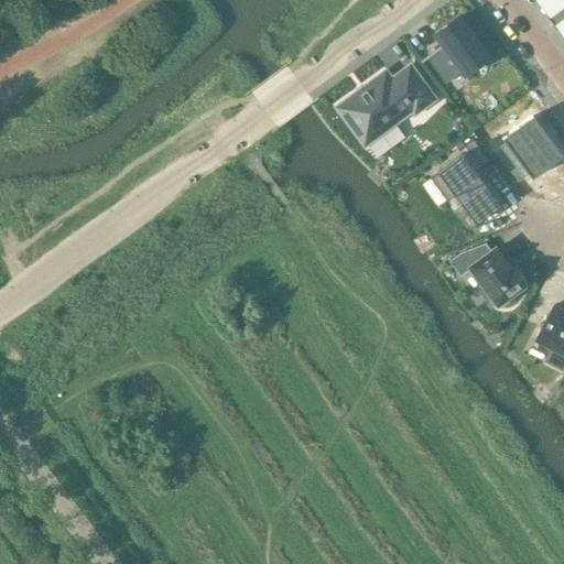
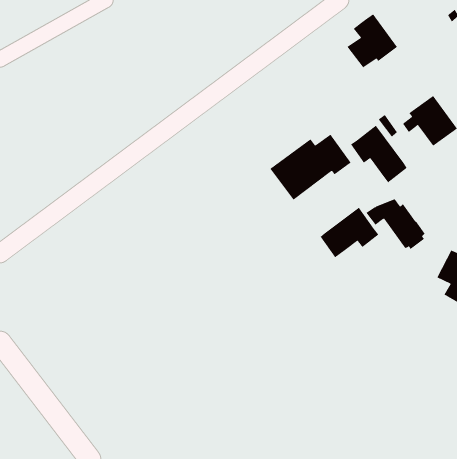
building: [337,65,437,147] -> [270,134,351,200]
building: none -> [320,207,379,258]

